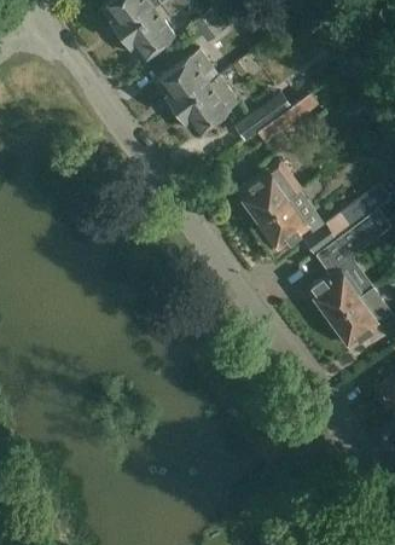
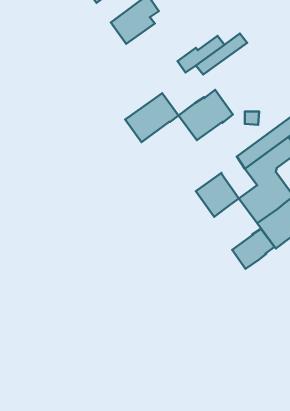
building: [175,76,238,134] -> [125,93,178,142]
building: [259,199,309,251] -> [196,173,239,217]
building: none -> [232,229,275,269]

